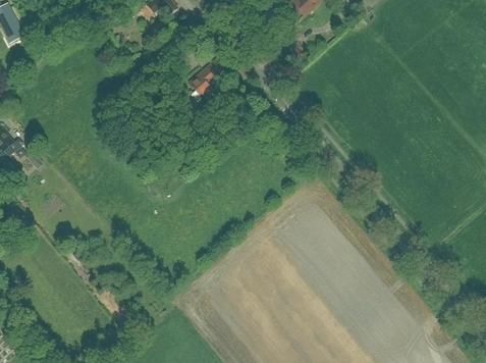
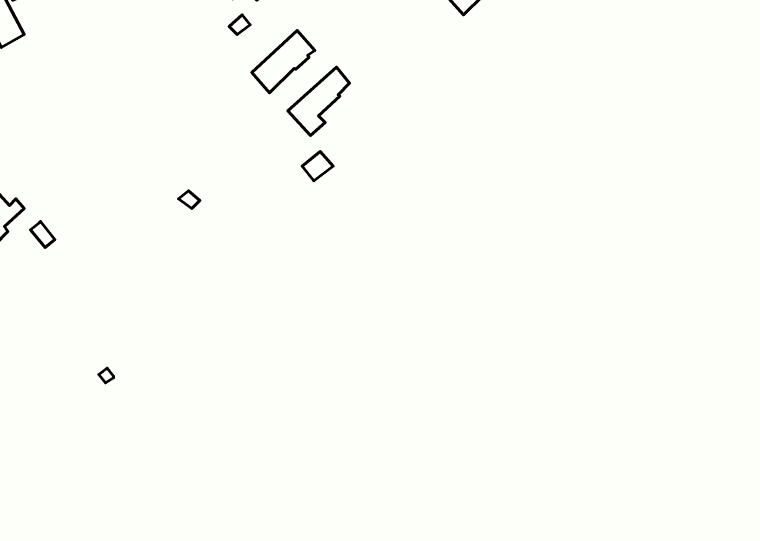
building: none -> [252,30,315,93]

